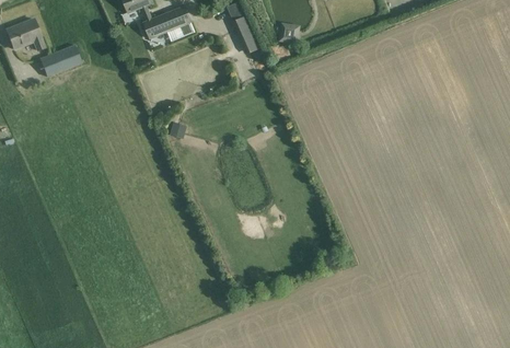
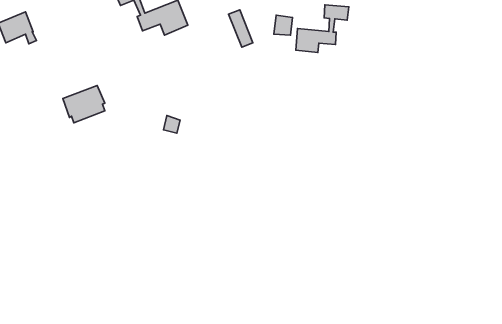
building: none -> [296,5,349,53]
building: [39,44,81,81] -> [63,85,105,123]

